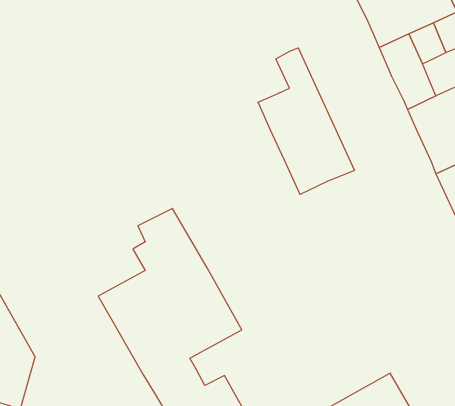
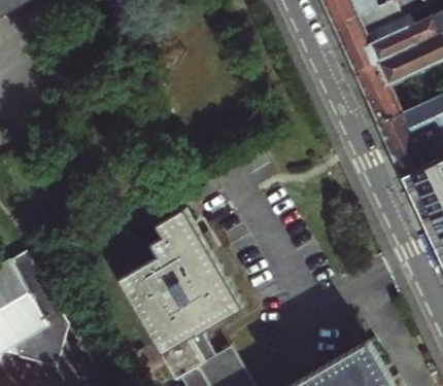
building: [258,48,354,194] -> none

